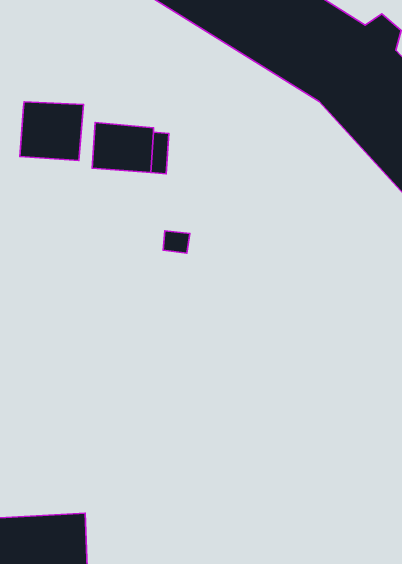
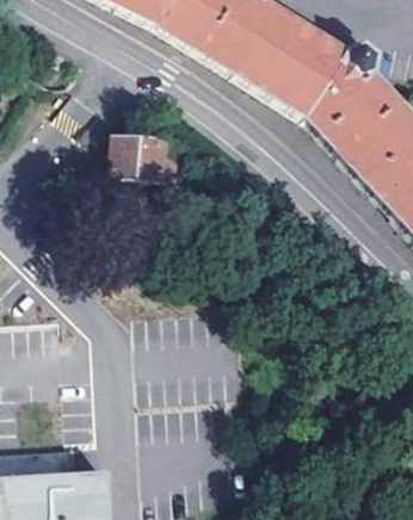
building: [20,102,83,161] -> none

